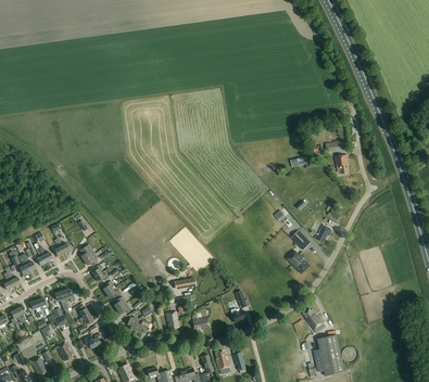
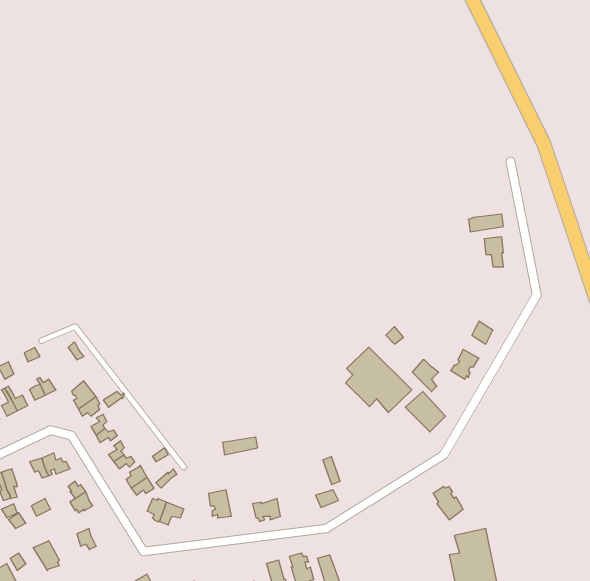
building: none -> [346,347,412,413]

